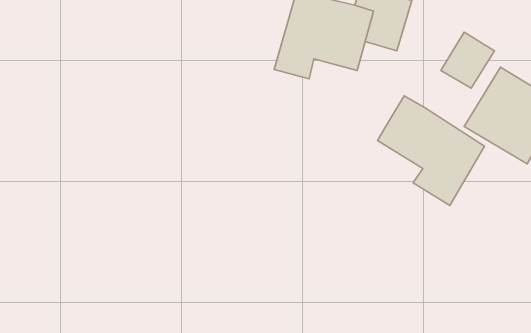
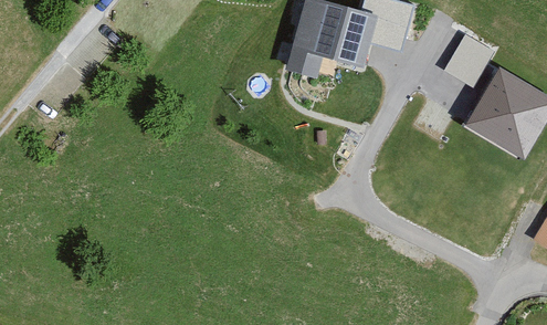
building: [377,96,485,205] -> none

